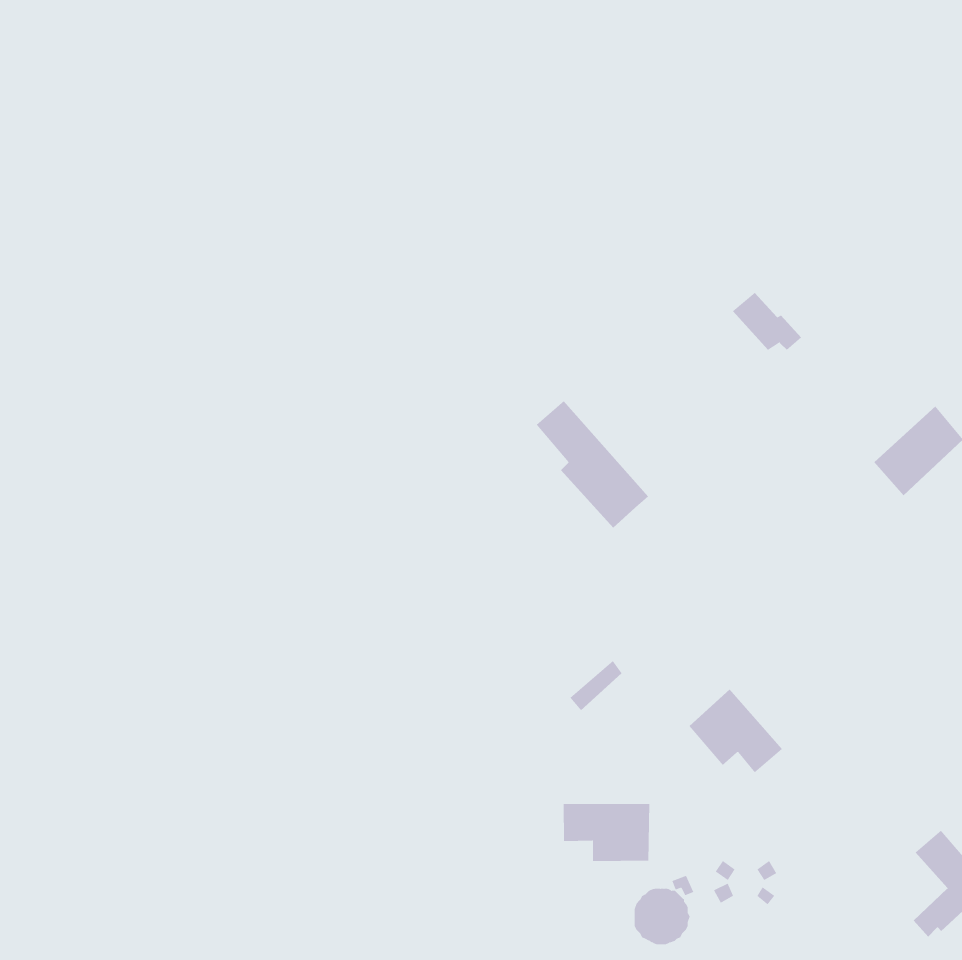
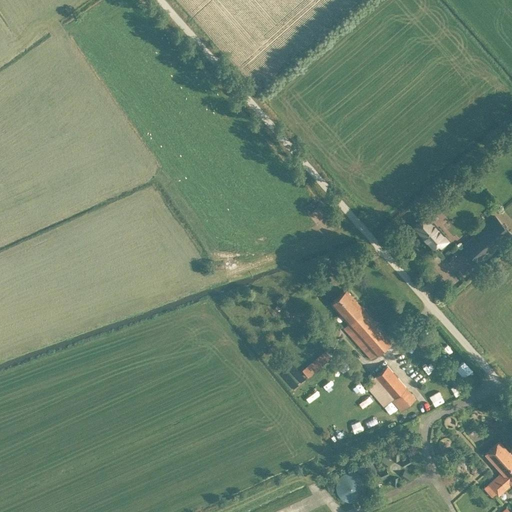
building: [732,292,802,351] -> [414,218,451,249]
building: [536,400,649,529] -> [332,291,392,359]
building: [563,803,650,862] -> none

